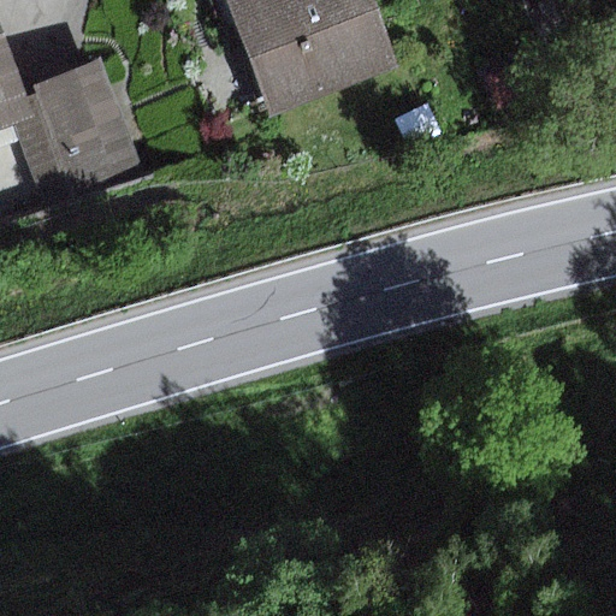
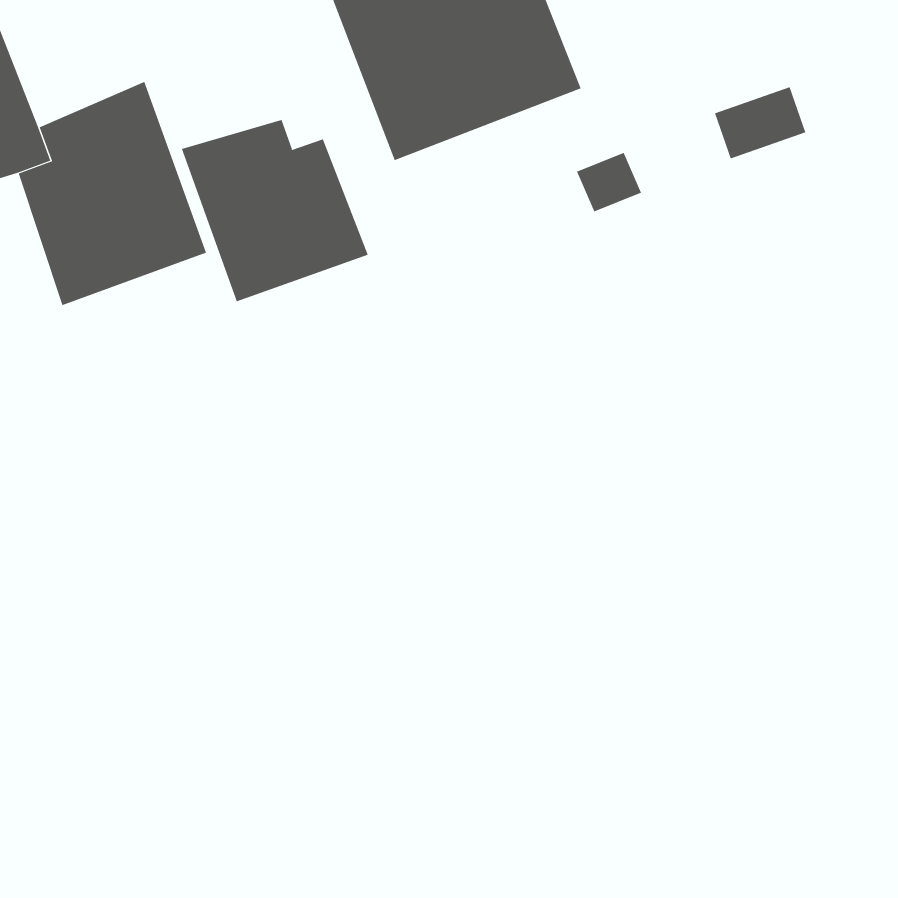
building: none -> [181,119,368,302]

